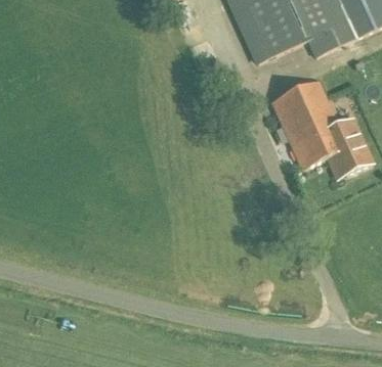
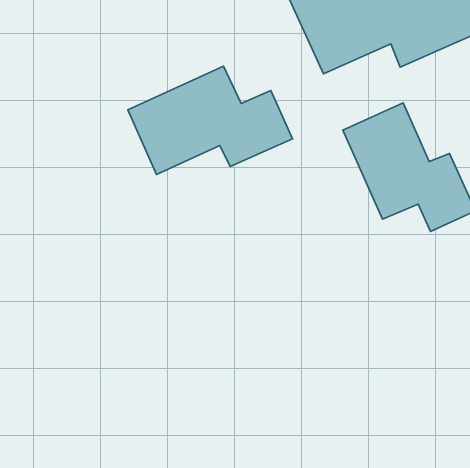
building: none -> [128,66,292,174]

